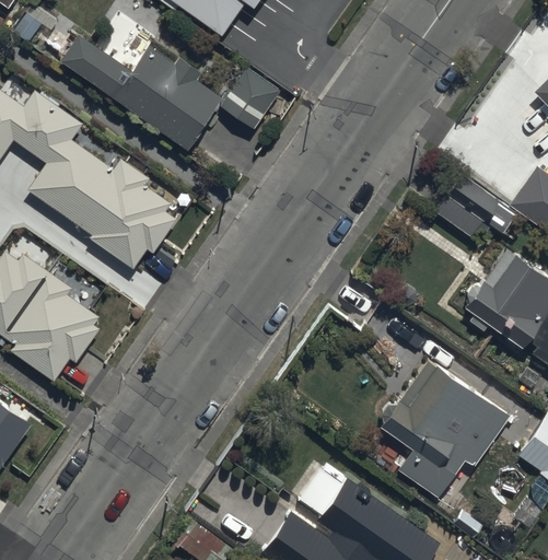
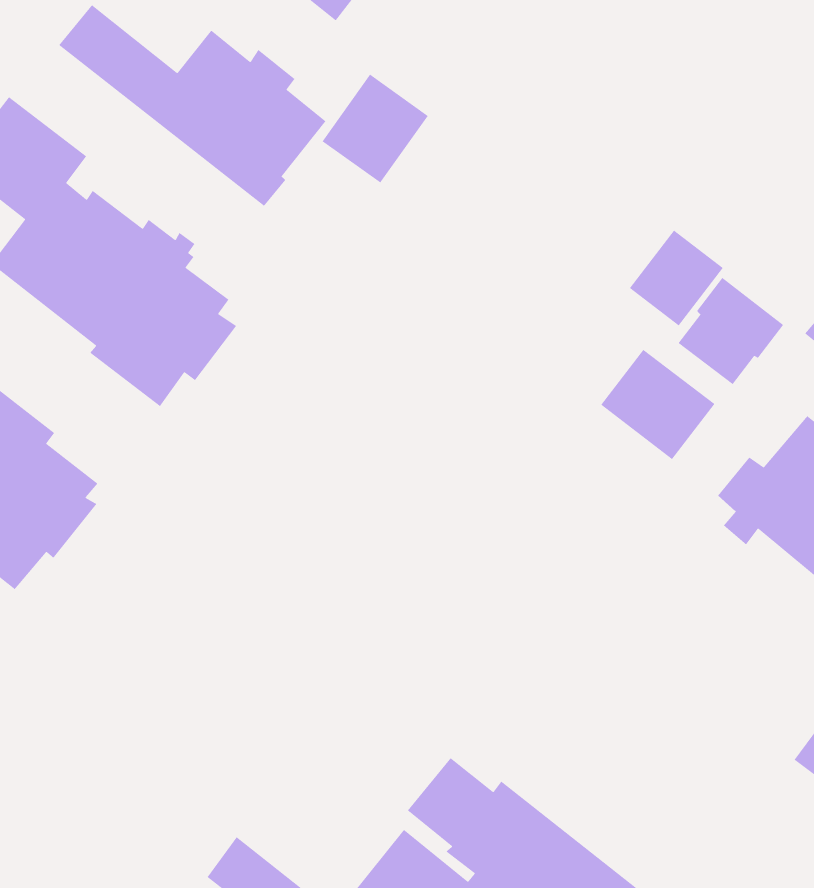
building: none -> [629,230,724,326]
building: none -> [600,349,715,460]
building: [381,361,510,500] -> none

